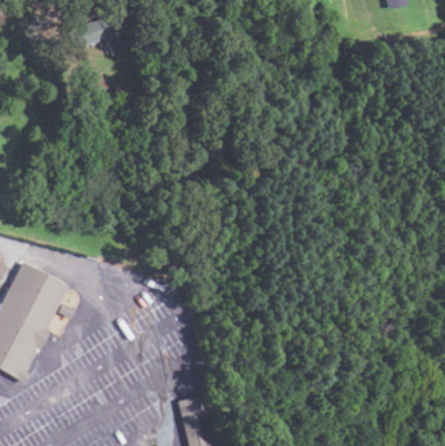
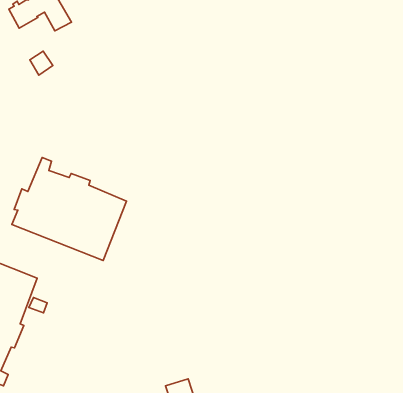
building: none -> [12,158,126,260]

